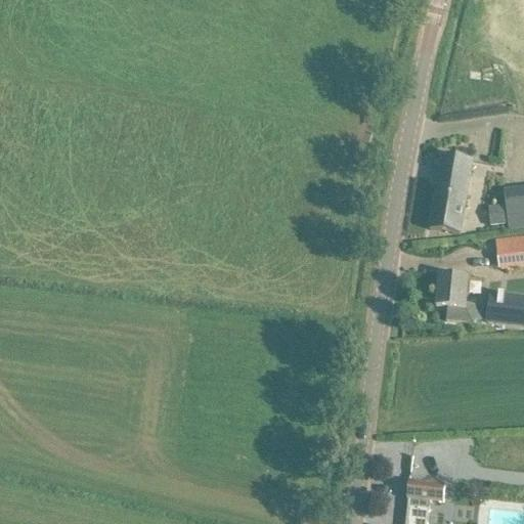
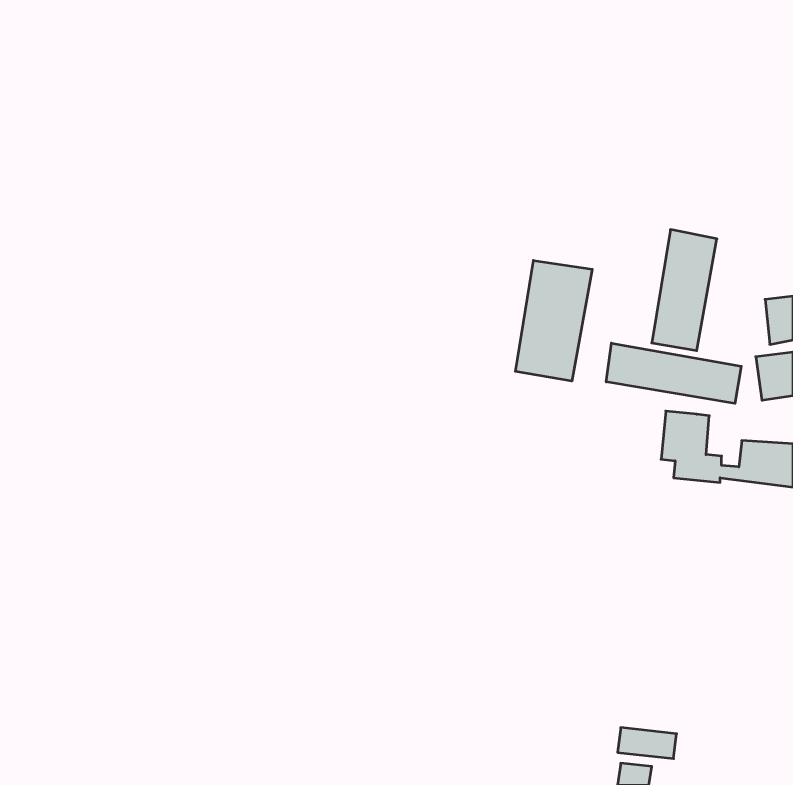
building: none -> [515,260,592,381]
building: none -> [606,343,741,403]

